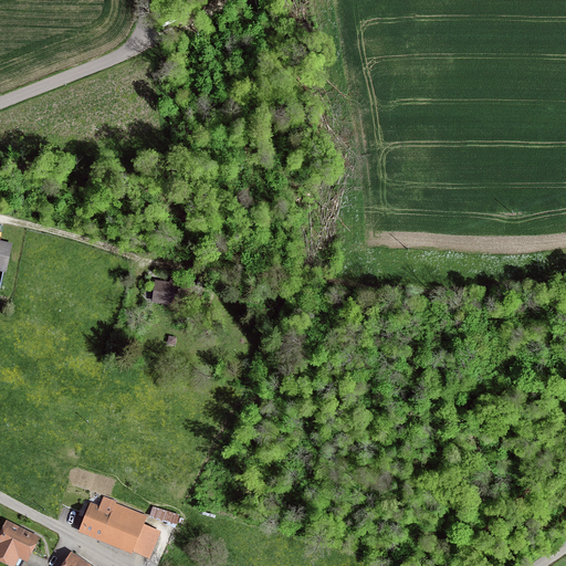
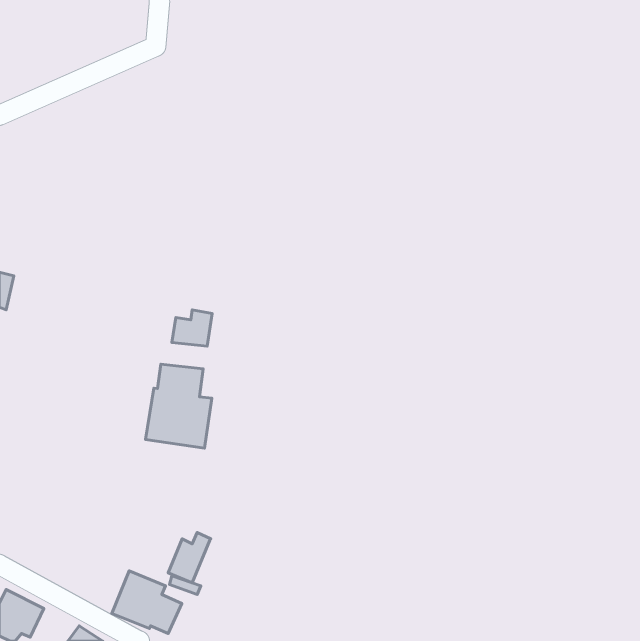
building: none -> [146,364,212,448]
building: [77,496,115,541] -> [168,533,211,583]

